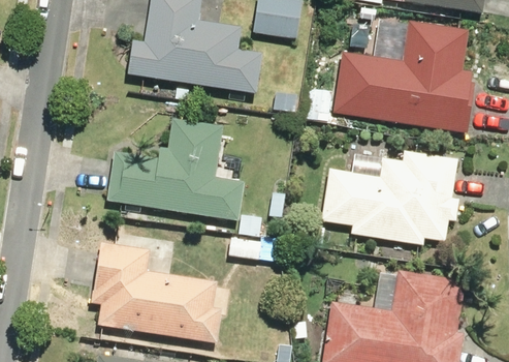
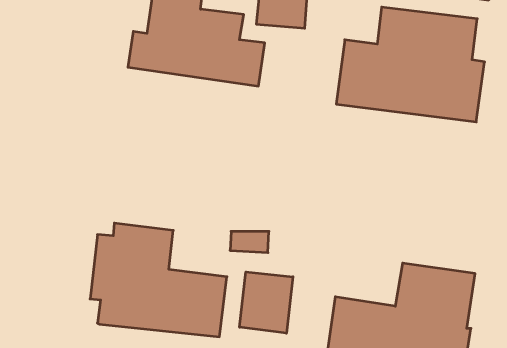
building: [104,118,243,218] -> none
building: [321,153,460,243] -> none
building: none -> [240,272,293,333]

